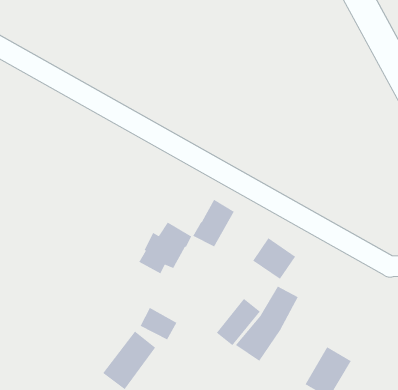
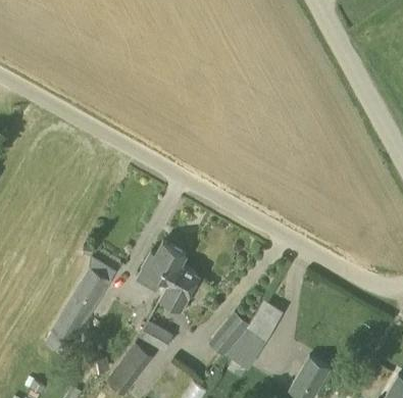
building: [192,199,235,247] -> [160,266,199,310]
building: [252,237,296,280] -> none
building: none -> [44,267,110,356]

